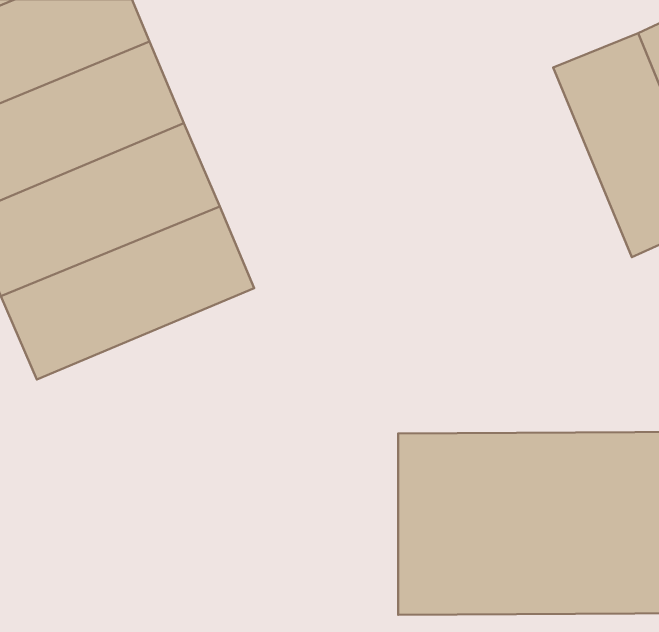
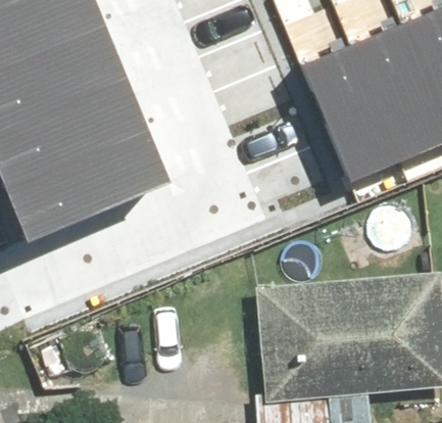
building: none -> [301,46,403,187]

